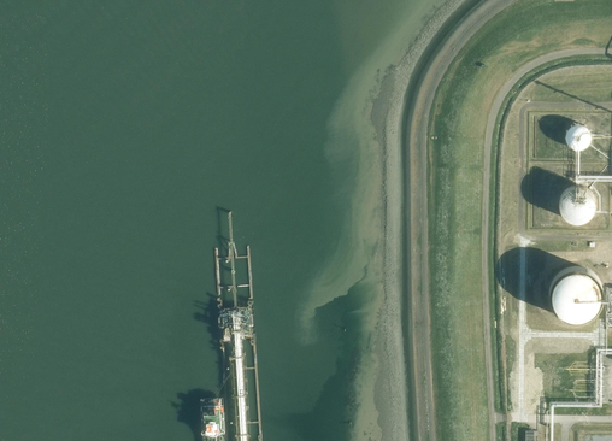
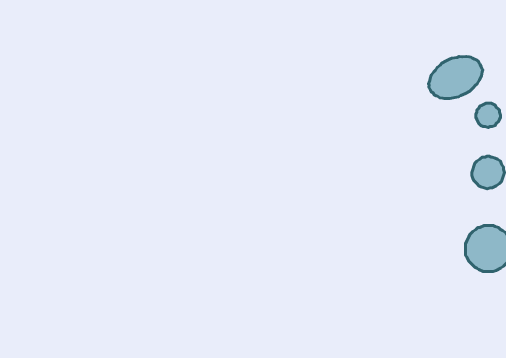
building: none -> [429,56,483,99]

